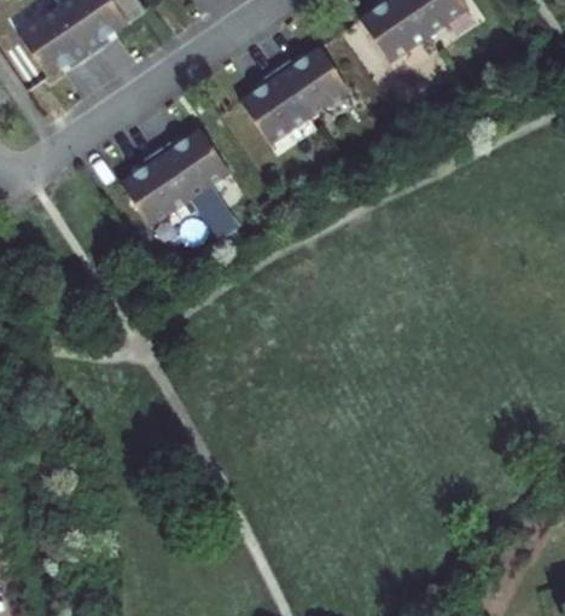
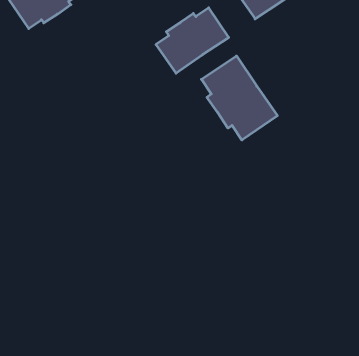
building: none -> [201,56,277,140]
building: [121,127,231,226] -> none

